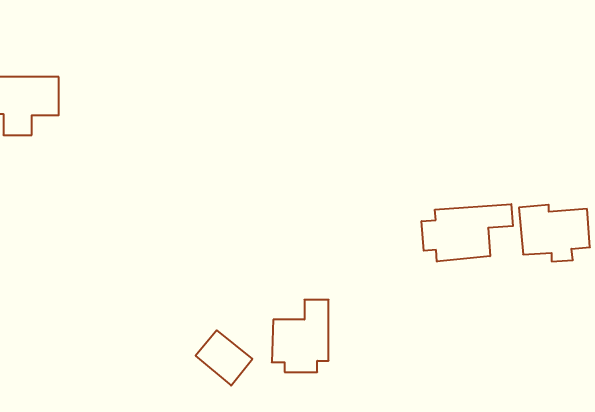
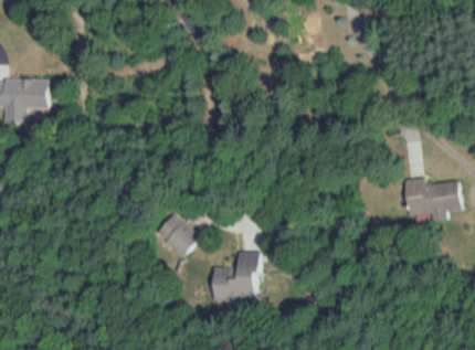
building: [422,204,513,262] -> none
building: [196,330,252,386] -> [156,214,200,257]

